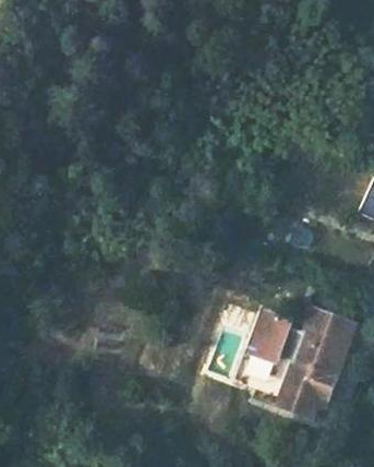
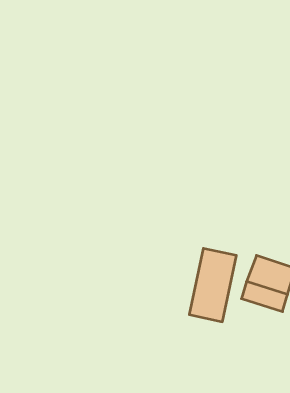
building: [279,361,339,417] -> none

